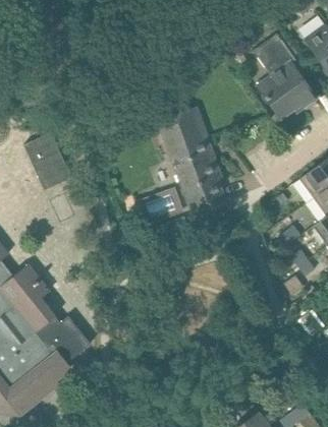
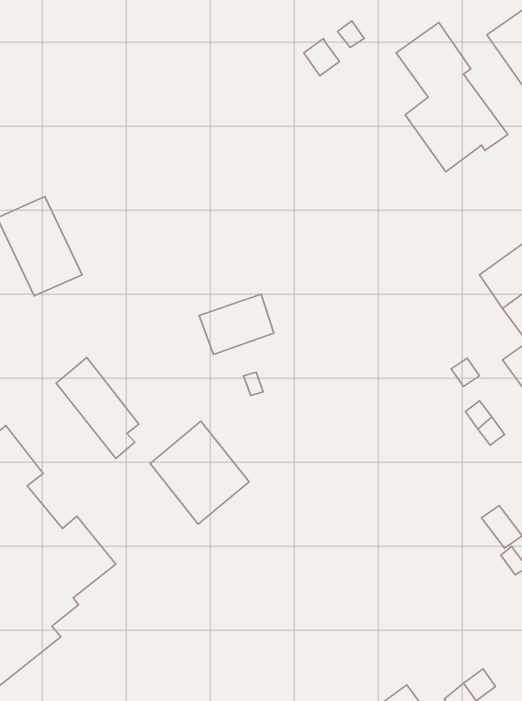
building: [159,108,225,216] -> none
building: none -> [56,357,139,458]
building: none -> [150,421,249,524]

